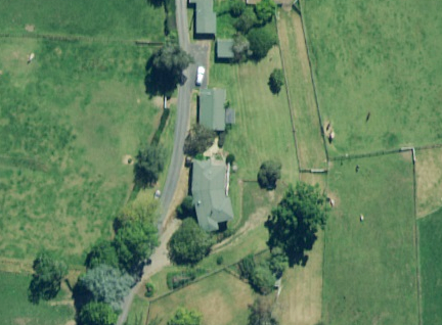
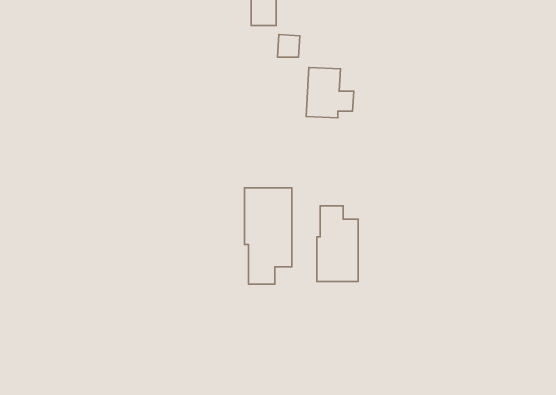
building: [198,90,235,129] -> [306,68,354,118]
building: none -> [317,206,358,281]

